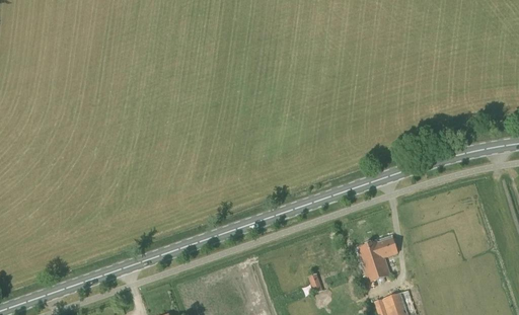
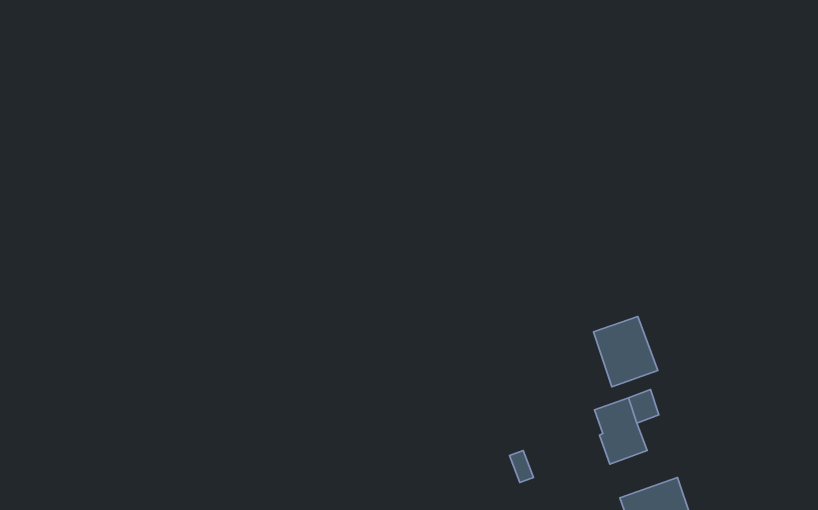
building: none -> [594,316,658,387]

